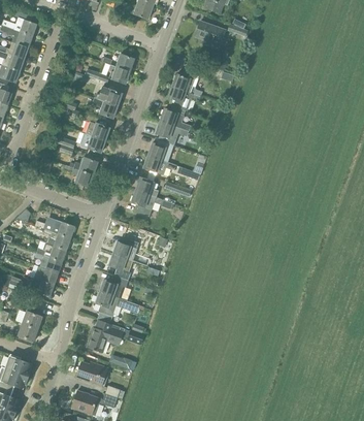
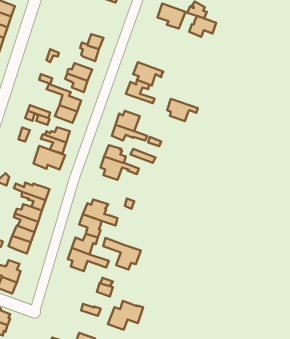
building: none -> [189,16,216,37]
building: [172,70,202,96] -> none
building: [155,121,189,145] -> [167,99,198,121]
building: none -> [34,146,65,169]
building: none -> [103,238,141,269]
building: [86,321,125,353] -> [108,301,143,330]
building: [75,361,108,386] -> none

